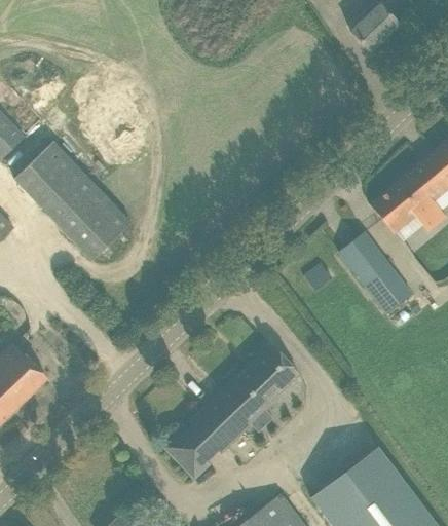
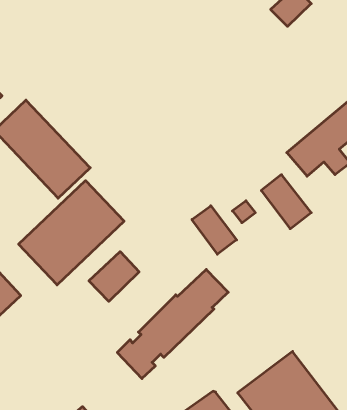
building: none -> [19,181,124,285]
building: none -> [192,206,237,254]
building: [374,277,412,314] -> none
building: none -> [89,252,139,301]

